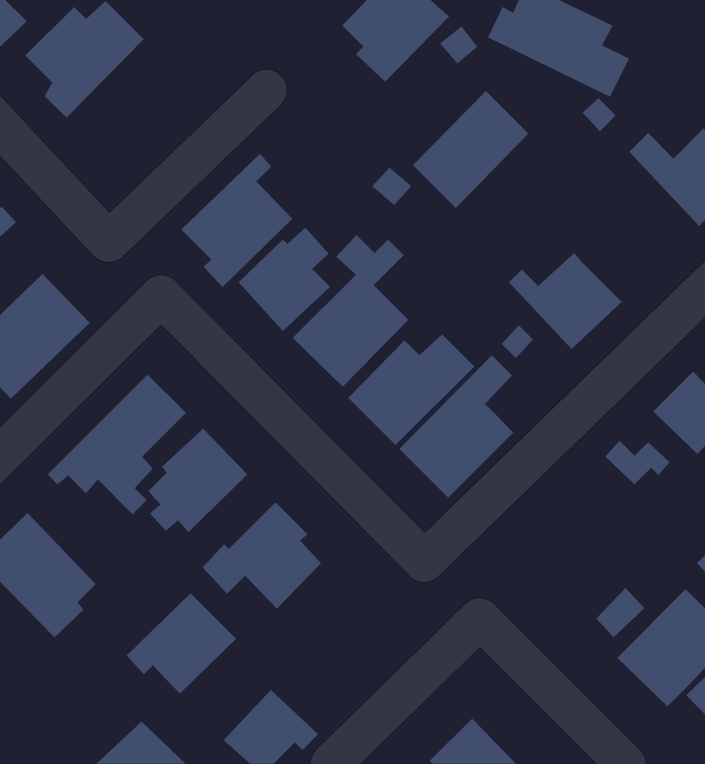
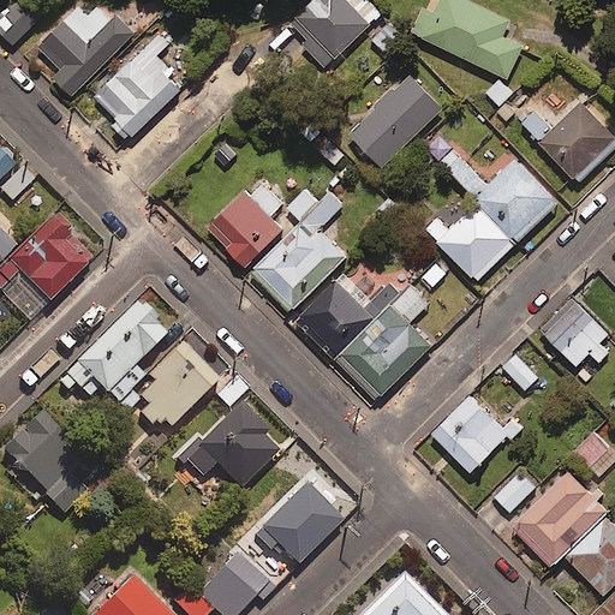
building: [180,153,293,288] -> [95,32,185,141]
building: none -> [441,153,559,243]
building: none -> [432,396,519,472]
building: [126,592,237,695] -> [253,484,342,566]

